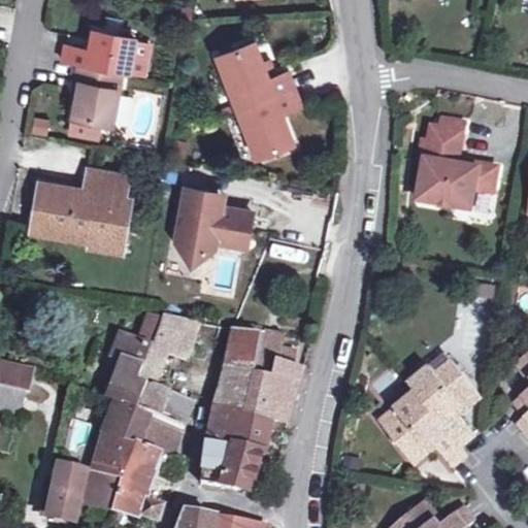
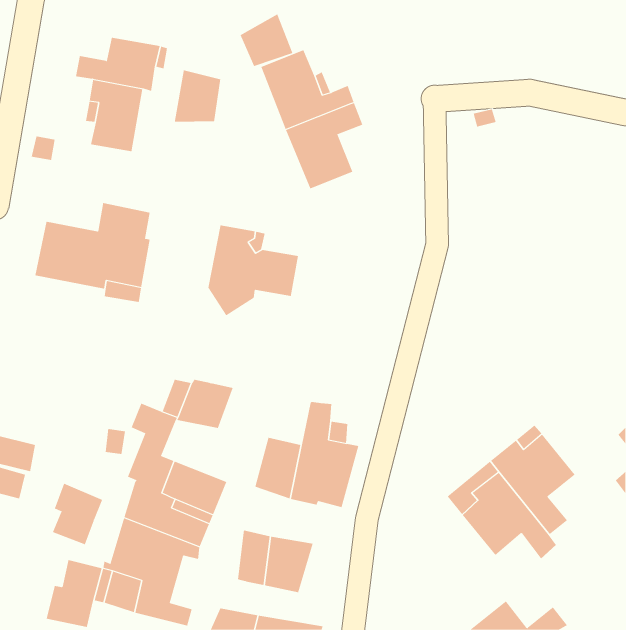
building: none -> [240,14,293,67]
building: none -> [174,69,221,123]
building: [419,119,497,208] -> none
building: [224,331,259,371] -> none
building: none -> [52,483,103,545]
building: [203,406,265,454] -> none

